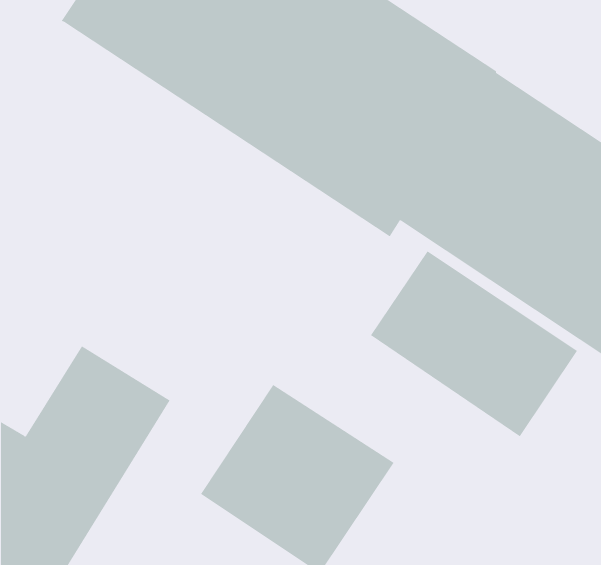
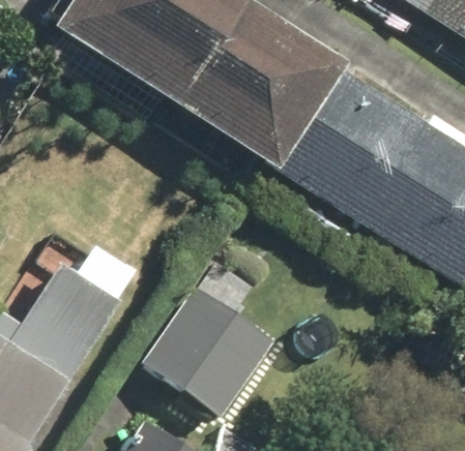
building: [370,250,578,437] -> none

